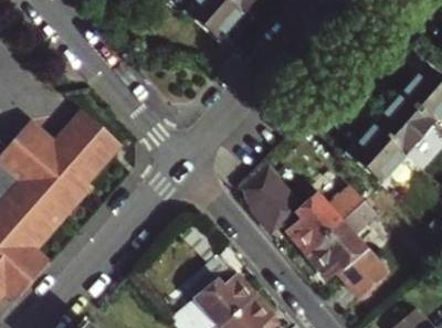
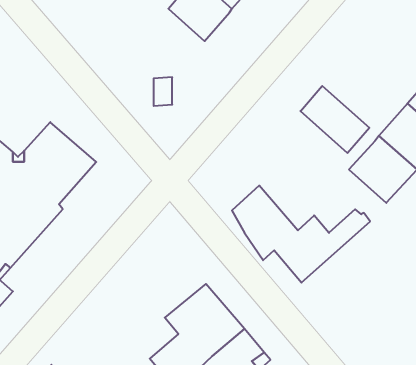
building: none -> [300,86,369,153]
building: [306,199,388,297] -> none

